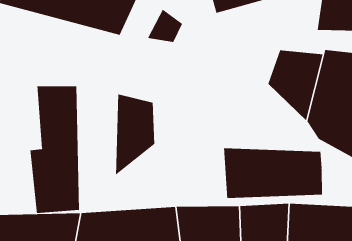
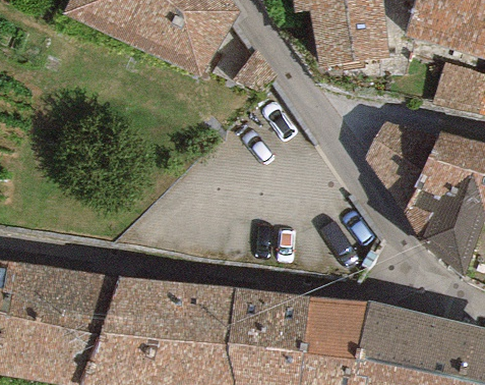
building: [30,86,80,214] -> none
building: [116,93,155,176] -> none
building: [223,148,322,199] -> none

